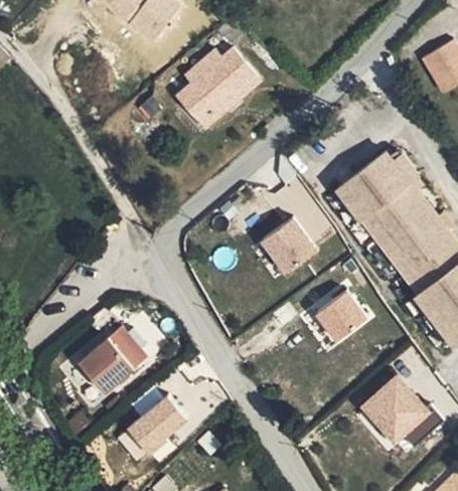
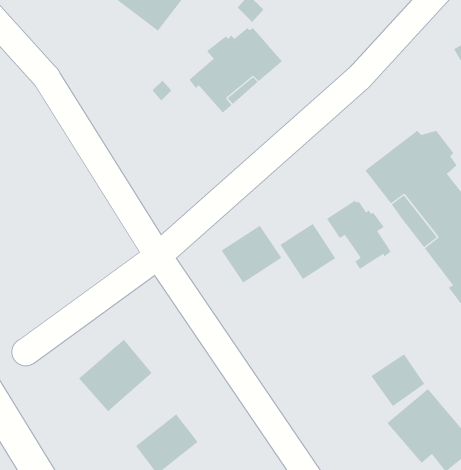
building: none -> [326,200,392,270]
building: none -> [221,225,282,284]
building: [311,296,361,345] -> [371,353,425,407]

